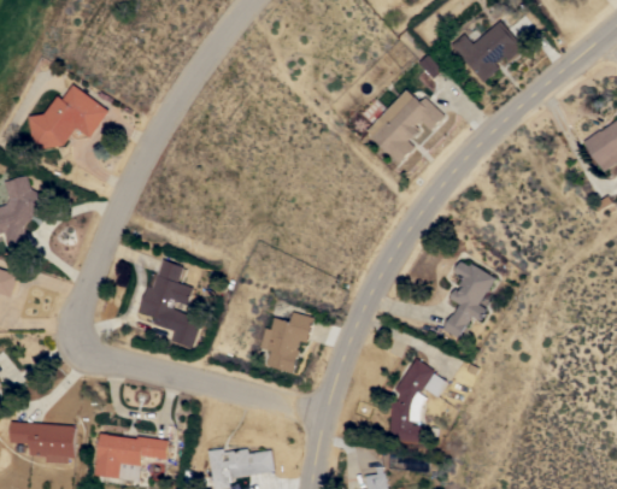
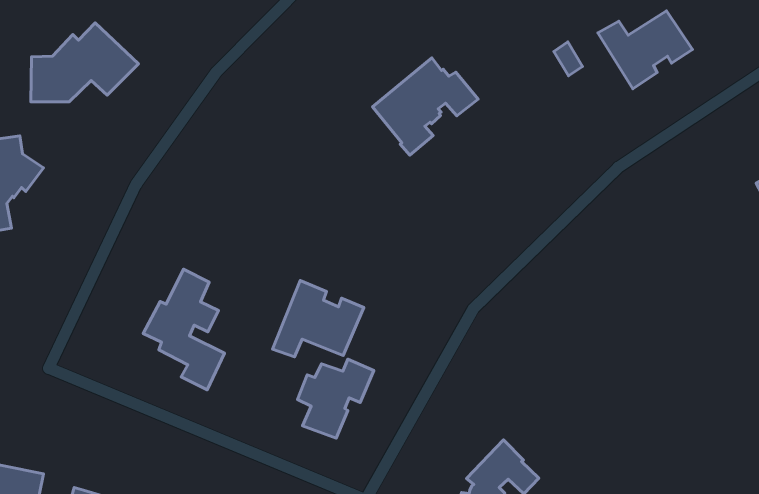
building: [366,89,445,164] -> [372,58,478,155]
building: none -> [273,280,364,357]
building: [443,261,495,338] -> none

